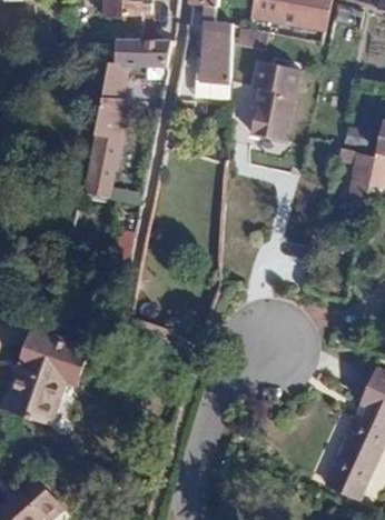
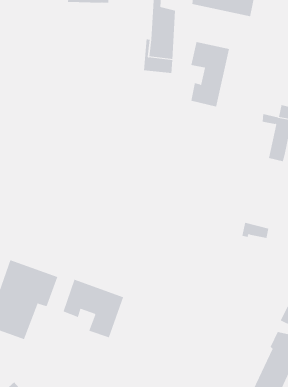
building: [95,39,172,136] -> none
building: [82,147,113,196] -> none
building: none -> [63,279,124,338]

